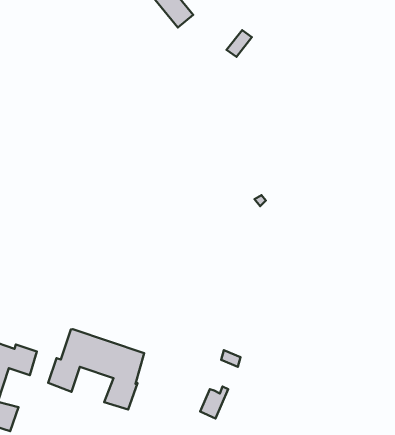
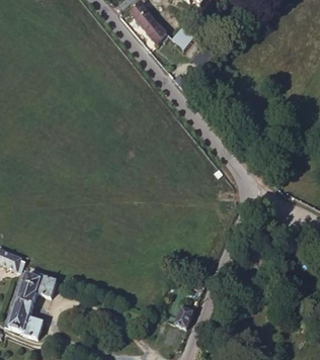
building: [48,329,144,410] -> none

